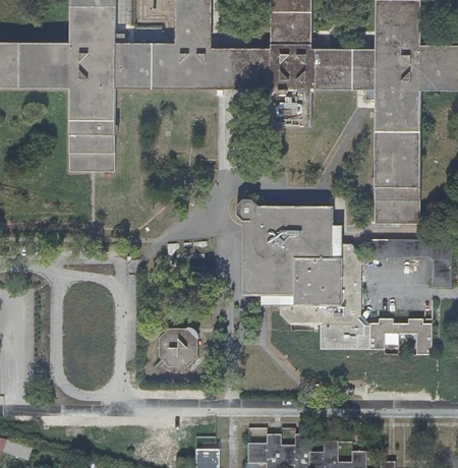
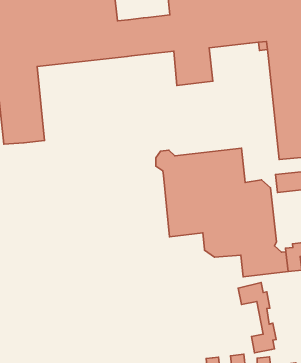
building: [159,327,196,365] -> none
building: none -> [238,283,276,353]

